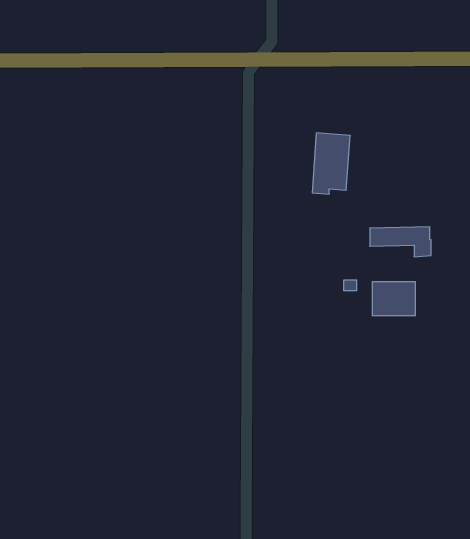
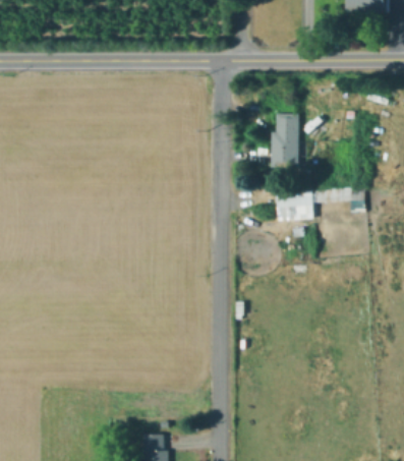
building: [372,282,415,316] -> [274,192,307,219]

